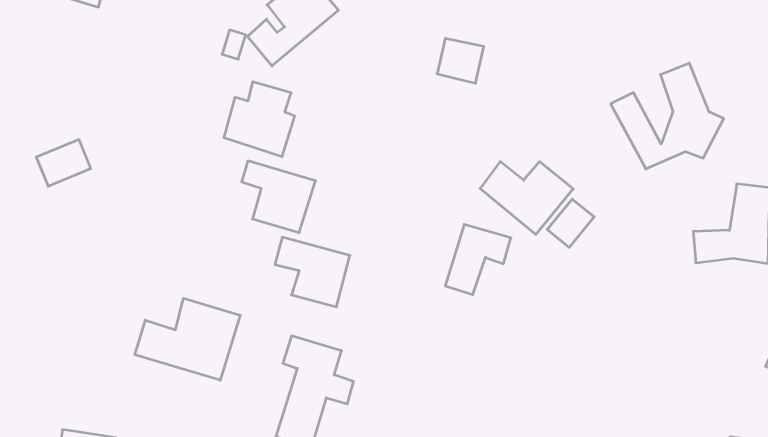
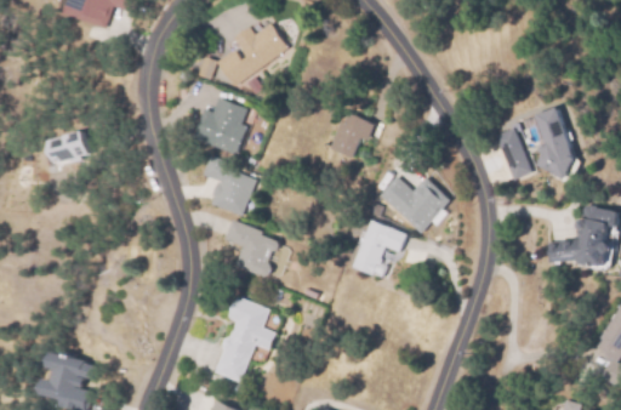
building: [437,38,484,83] -> [337,112,375,148]
building: [547,199,594,247] -> none
building: [135,298,240,380] -> none

